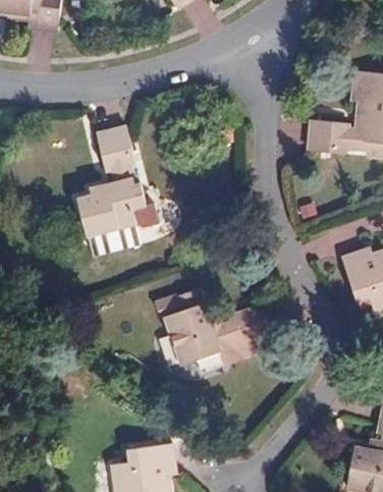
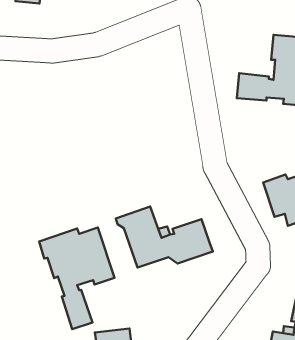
building: [76,126,158,236] -> none
building: none -> [39,227,114,329]

